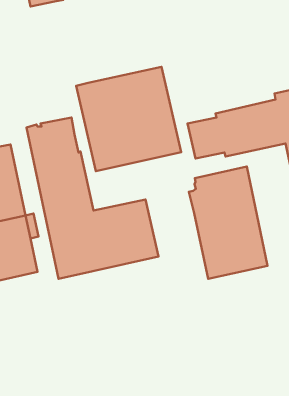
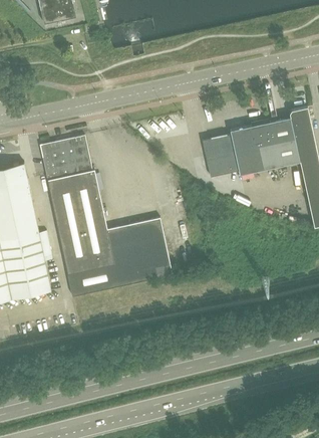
building: [76,67,181,171] -> none
building: [189,167,267,279] -> none

